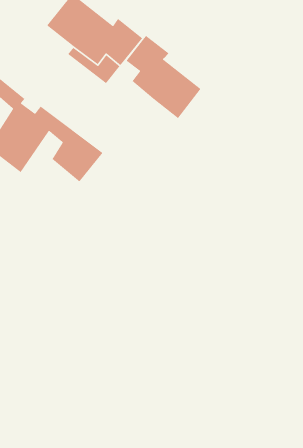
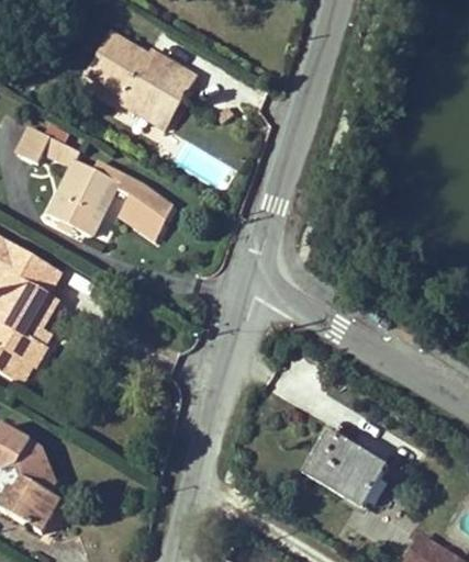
building: [126,35,202,119] -> none
building: none -> [303,427,383,503]

